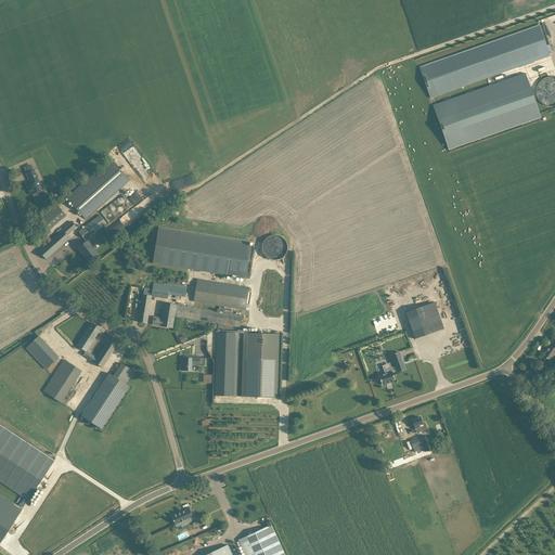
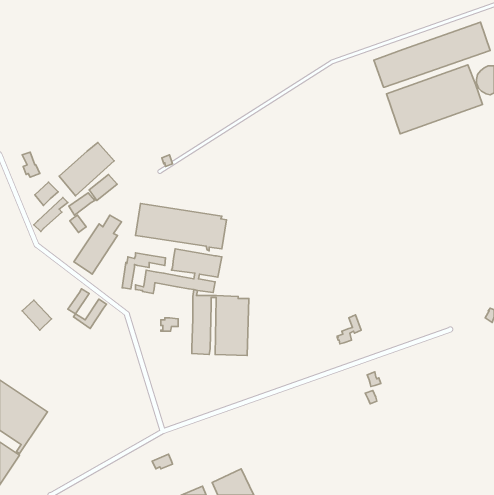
building: [261,234,286,259] -> none
building: [404,302,443,339] -> none
building: [42,360,81,403] -> none
building: [80,363,133,429] -> [74,215,121,274]

